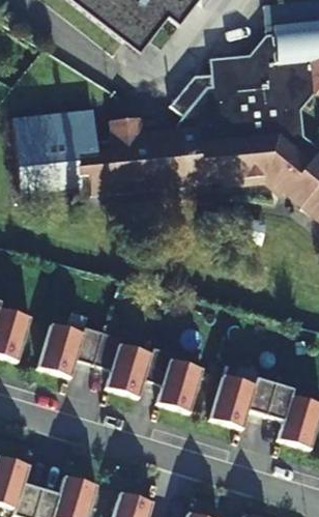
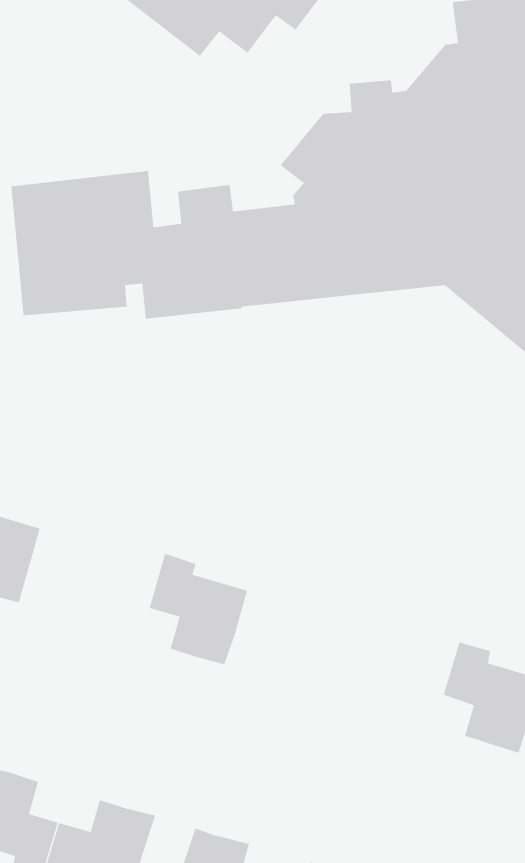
building: [38,322,104,376] -> none
building: [145,346,203,411] -> none
building: [210,374,276,427] -> none

